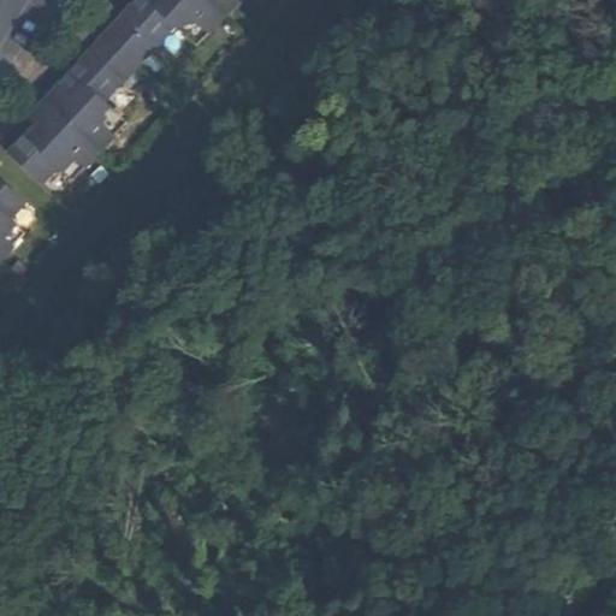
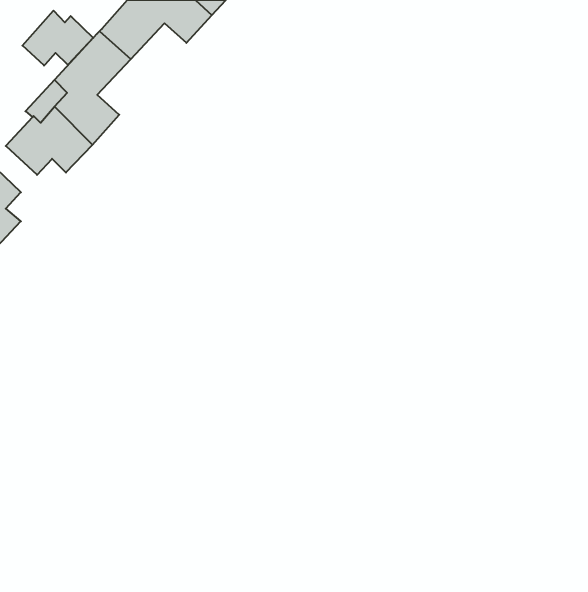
building: none -> [22,11,93,66]

